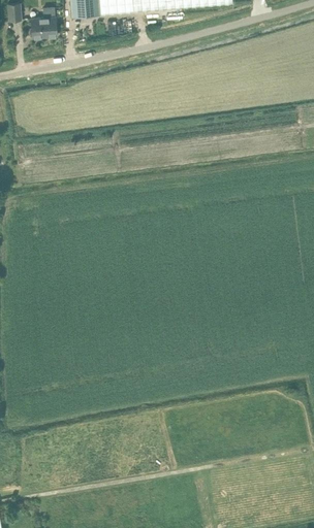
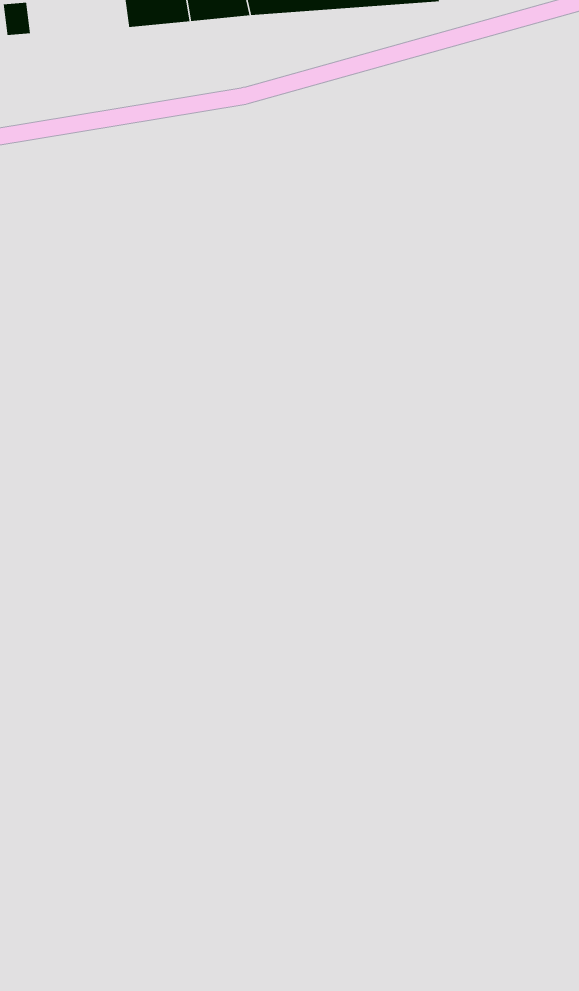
building: [30,6,57,37] -> none

